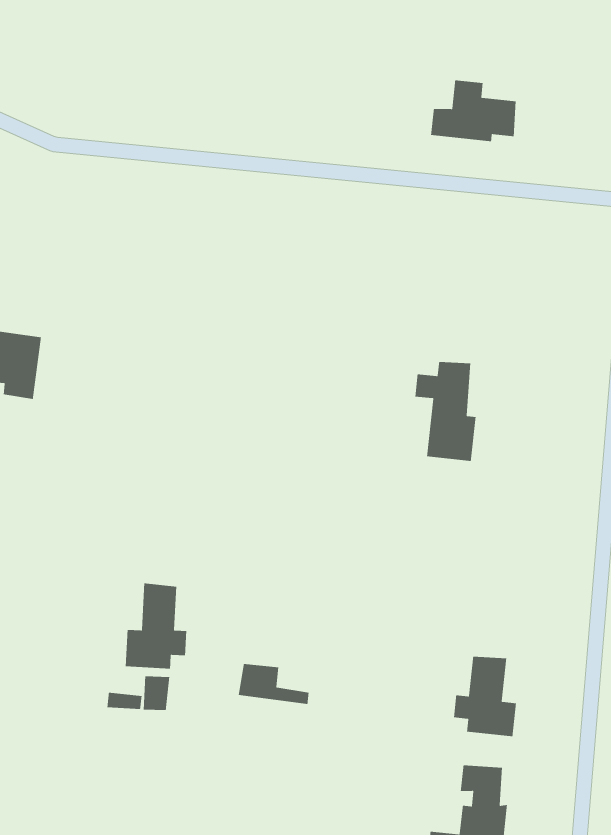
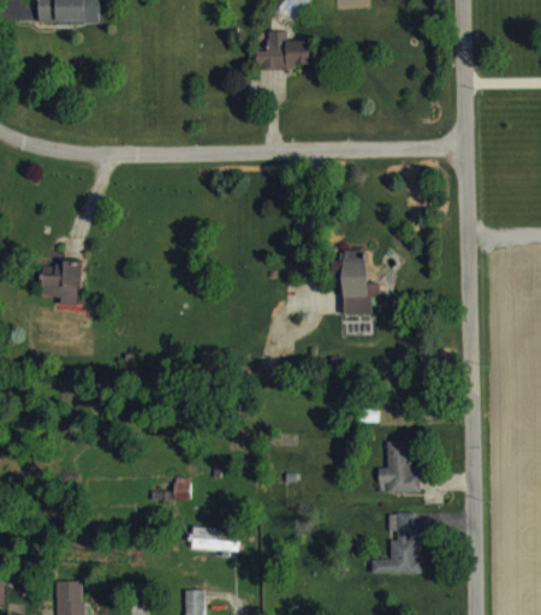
building: [430,79,516,142] -> [256,31,311,70]
building: [125,582,187,669] -> none
building: [238,663,310,705] -> [191,527,238,550]

